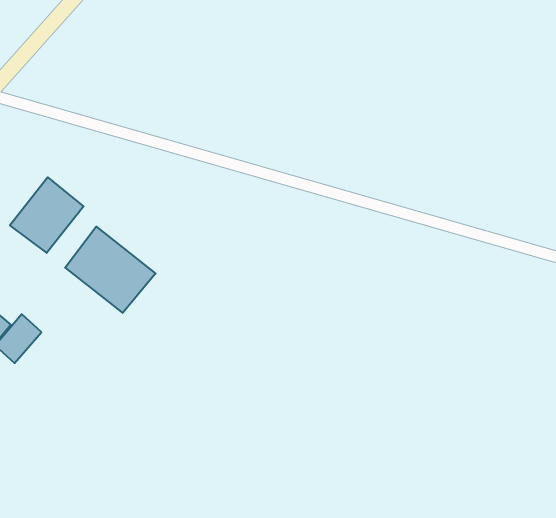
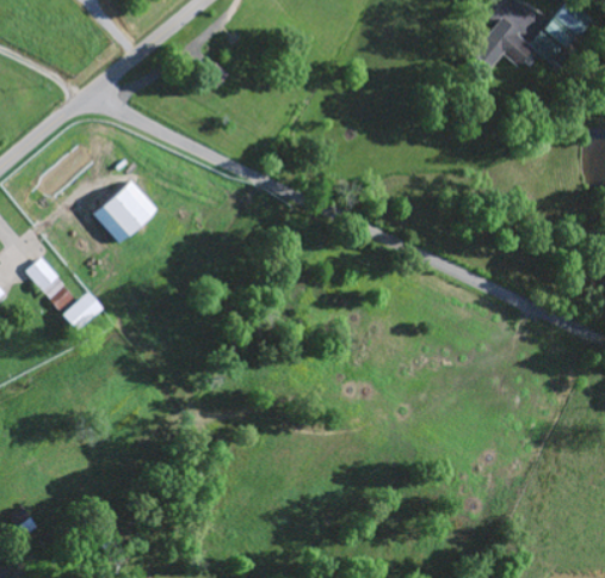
building: [65,227,156,313] -> none

